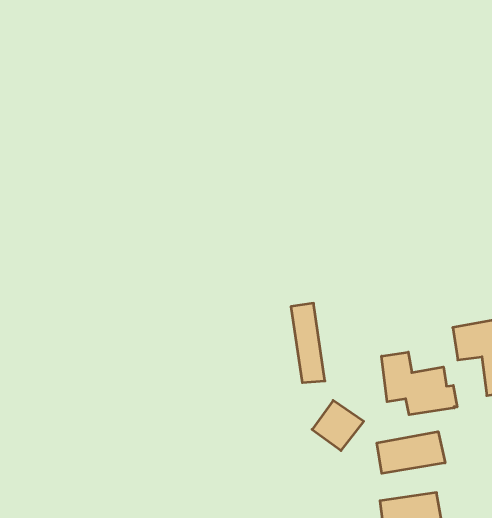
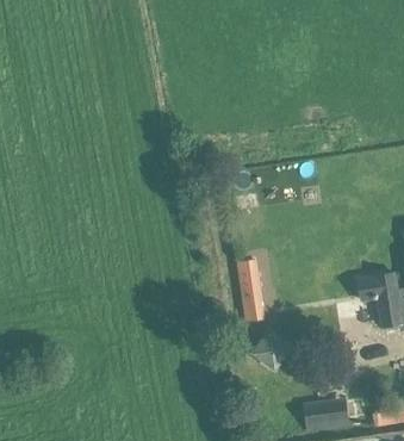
building: [382,352,457,415] -> none
building: [377,432,445,473] -> none

